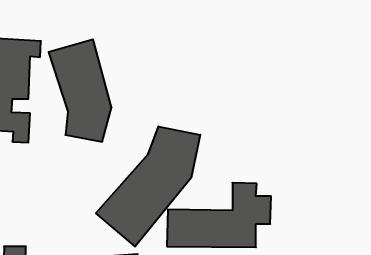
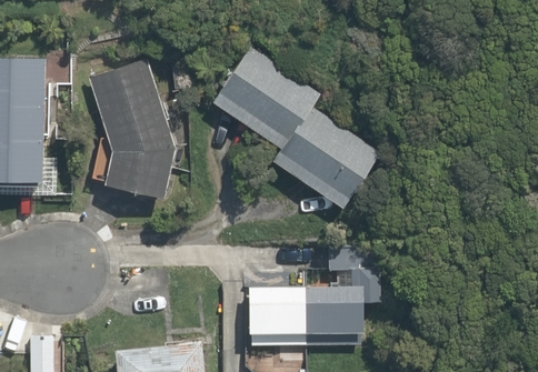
building: none -> [210,41,379,211]
building: [96,126,200,247] -> none

